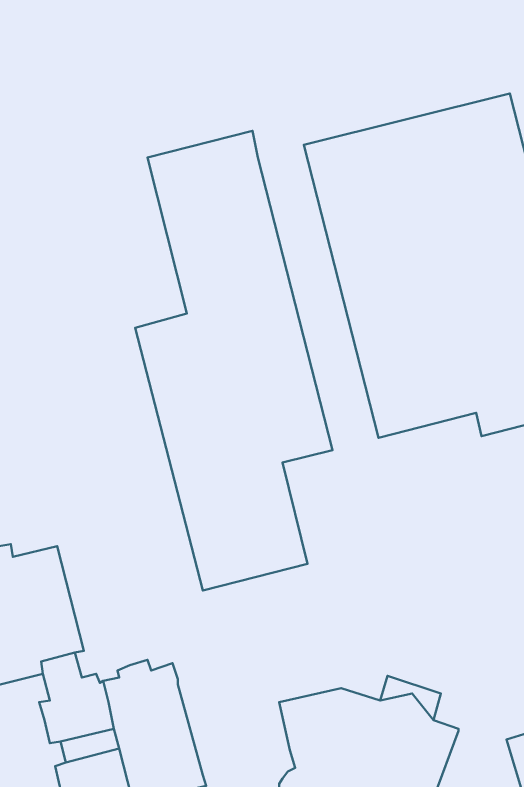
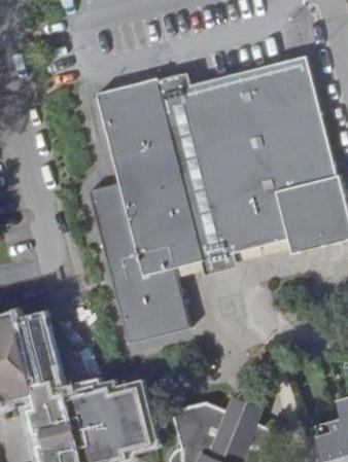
building: none -> [160,85,230,262]
building: none -> [113,387,155,451]

